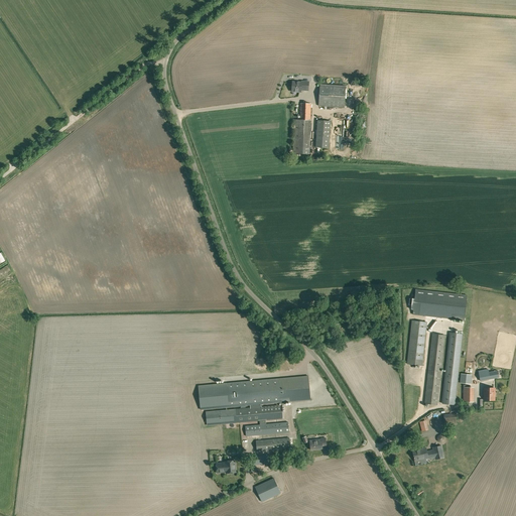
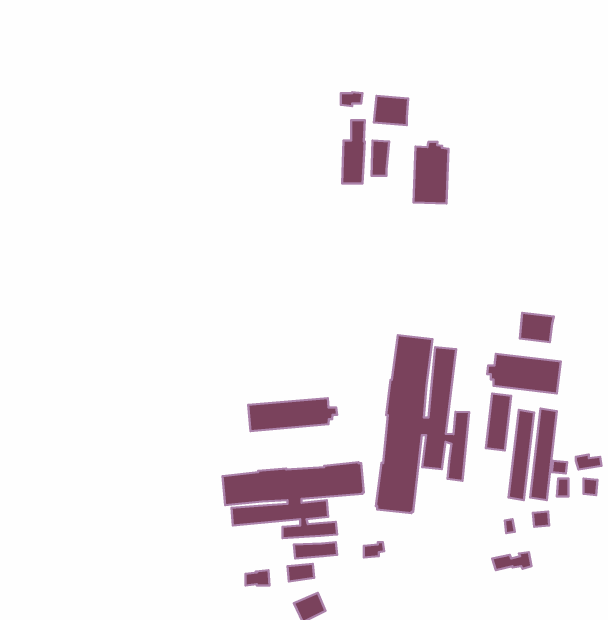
building: none -> [413,142,448,204]
building: none -> [520,313,554,342]
building: none -> [376,335,469,513]
building: none -> [248,398,337,431]

